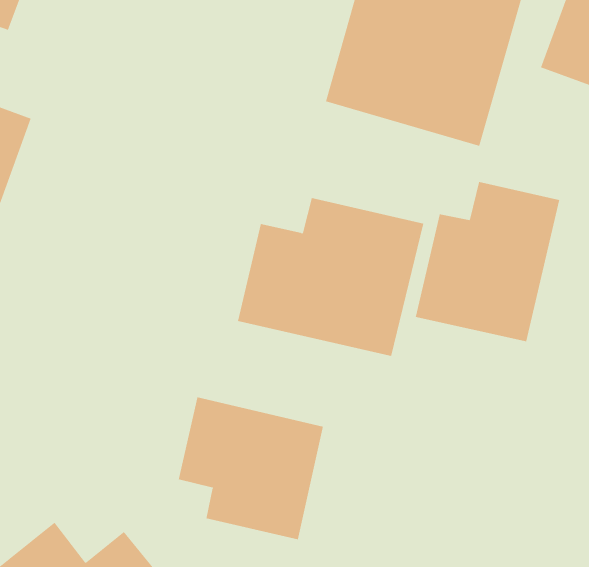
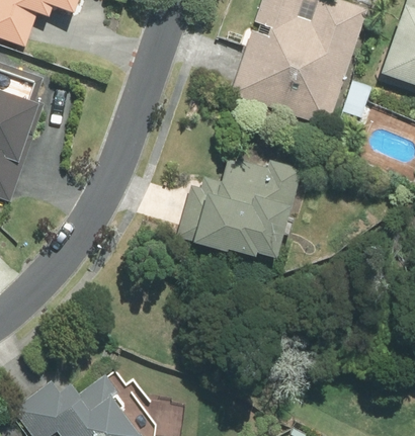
building: [415,181,560,342] -> none
building: [178,396,324,540] -> none

